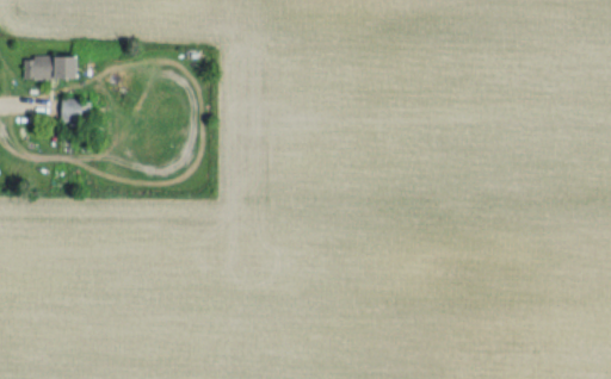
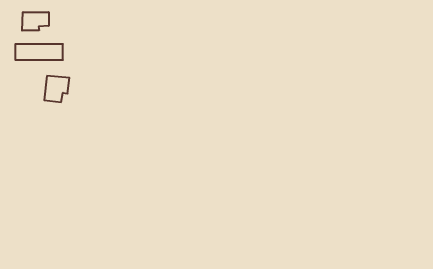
building: none -> [22,12,49,31]

